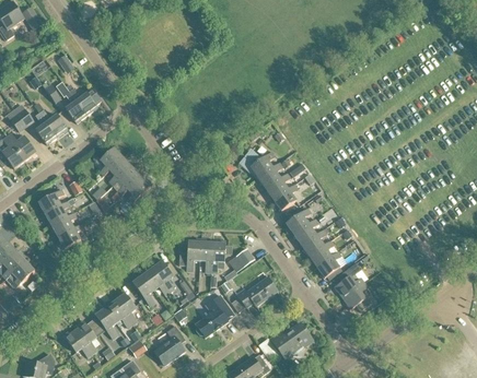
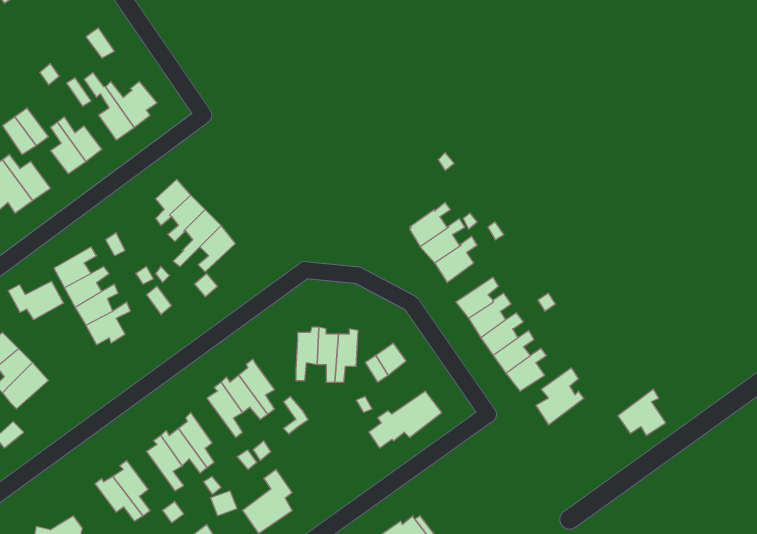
building: [238,146,275,177] -> none
building: none -> [8,281,64,320]
building: [342,282,372,310] -> [618,389,666,435]
building: [196,295,235,338] -> none
building: [270,323,313,359] -> none

